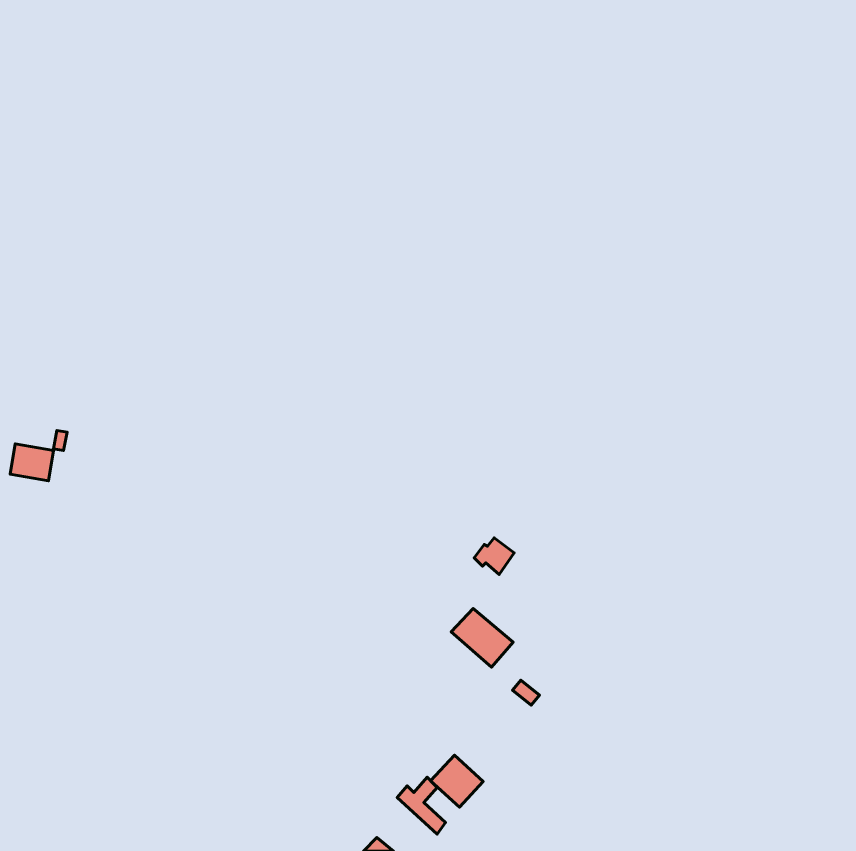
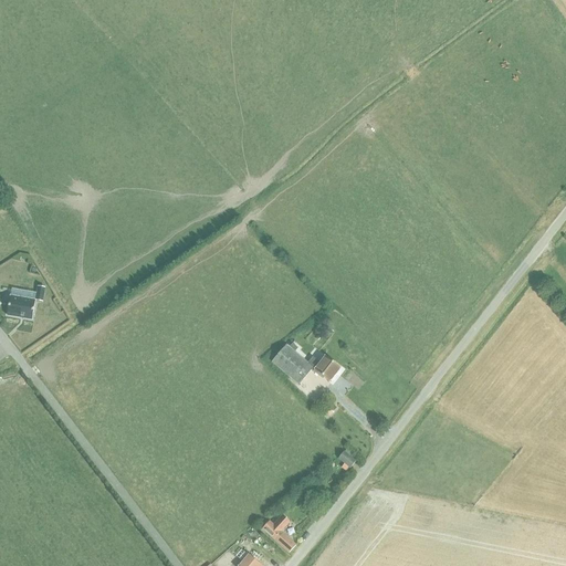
building: [451,609,513,667] -> [272,344,313,382]
building: [431,755,483,807] -> none

